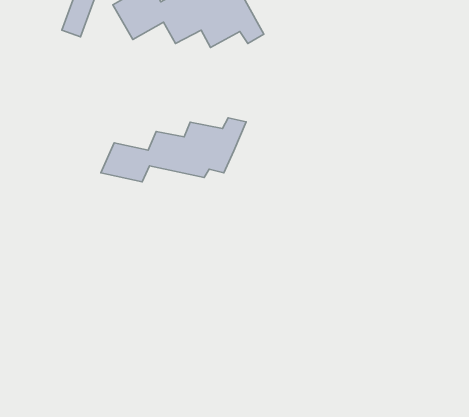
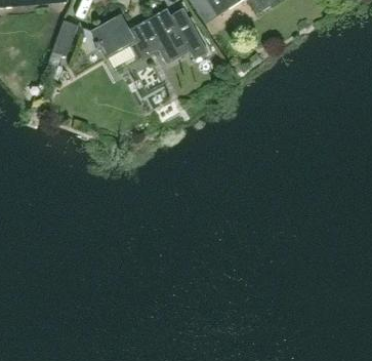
building: [101,118,246,182] -> none

